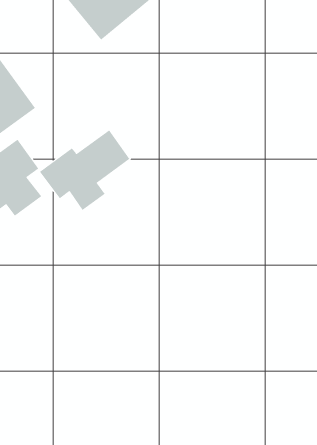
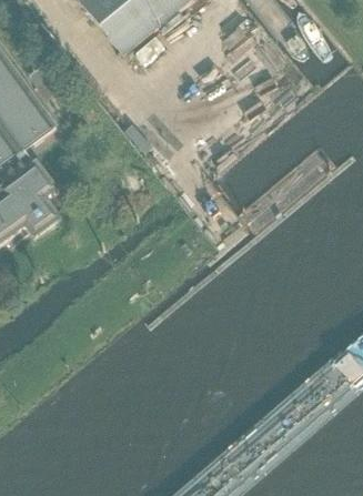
building: [39,129,130,211] -> none

